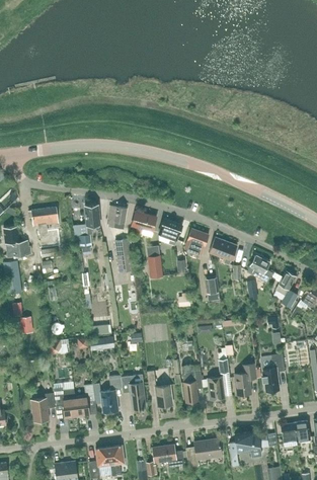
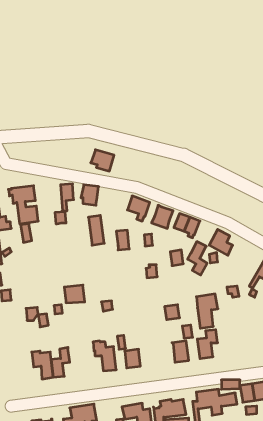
building: [131,211,156,234] -> [91,150,114,171]
building: [275,270,297,307] -> [188,242,207,275]
building: [261,353,285,391] -> [196,294,218,328]
building: [183,370,203,402] -> none
building: [100,375,122,412] -> none
building: [31,392,55,420] -> none

